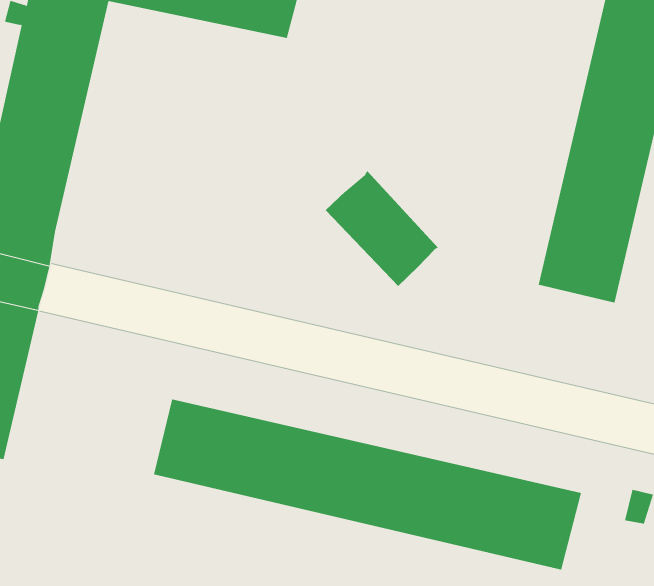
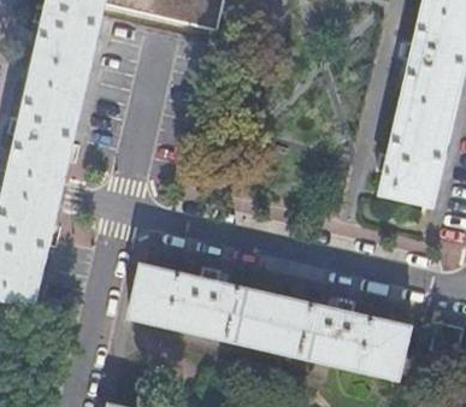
building: [325,170,439,287] -> none

